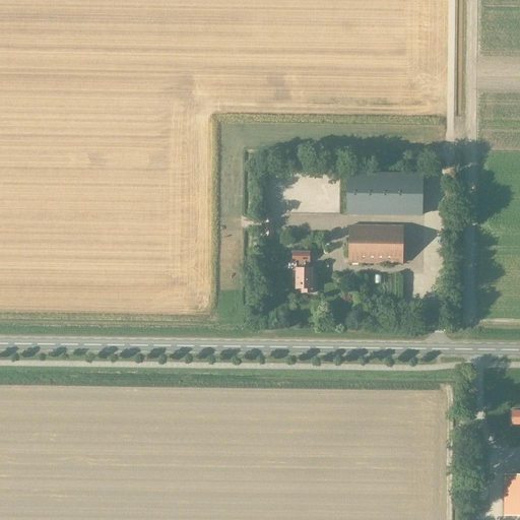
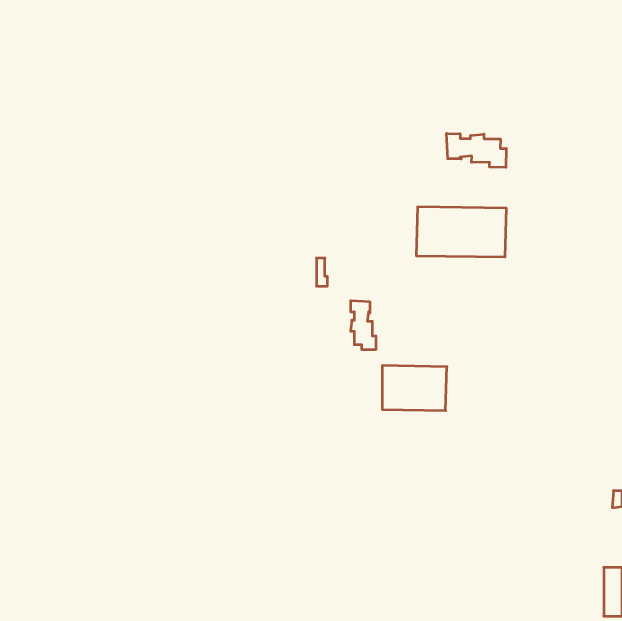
building: none -> [447,133,506,167]
building: [348,224,402,262] -> [382,366,447,411]

